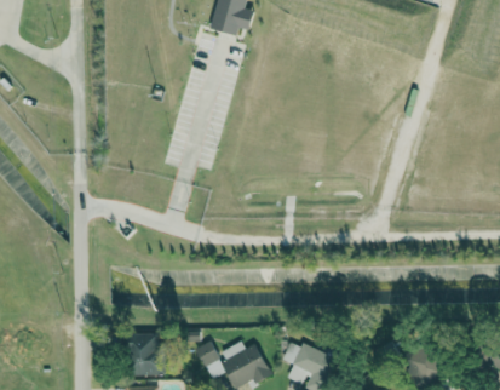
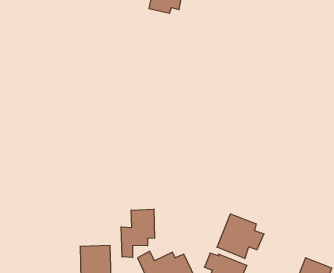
building: none -> [121,209,154,258]
building: none -> [217,214,264,259]

